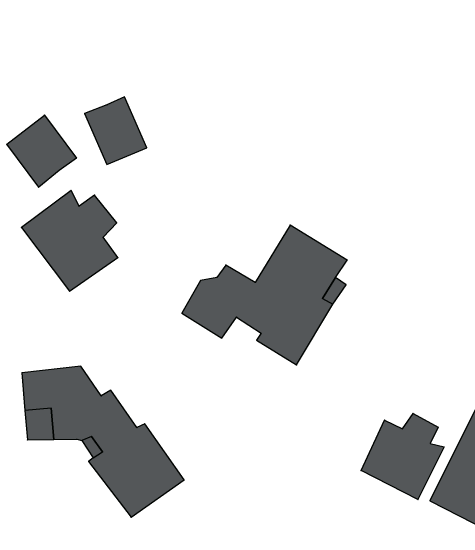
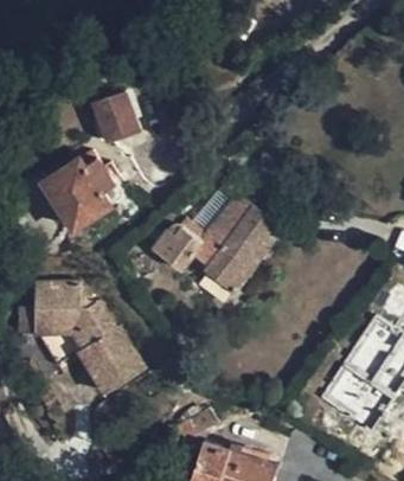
building: [7,115,76,187] -> none
building: [361,413,444,500] -> none

